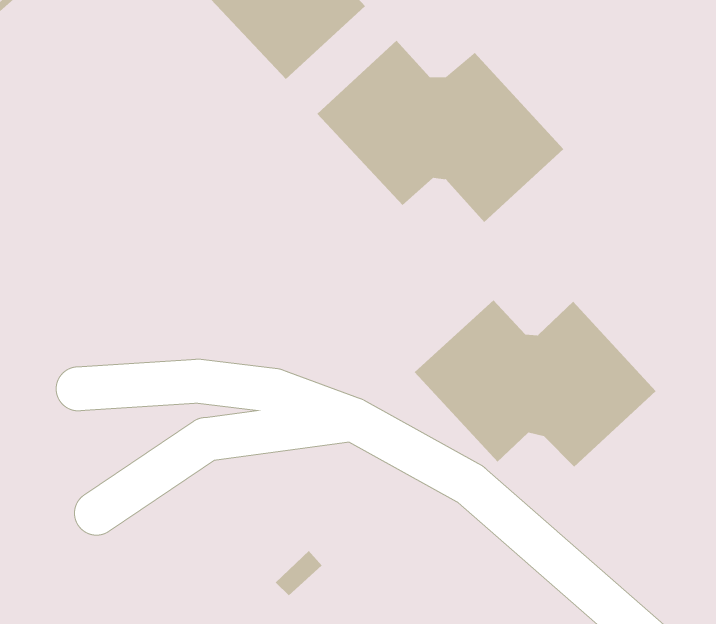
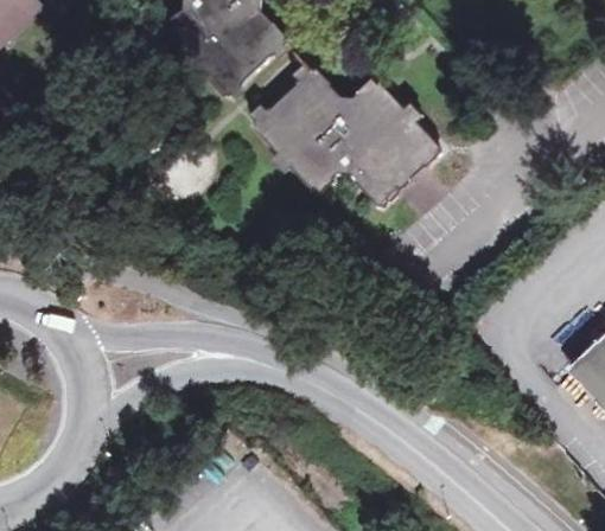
building: [414,300,657,467] -> none

